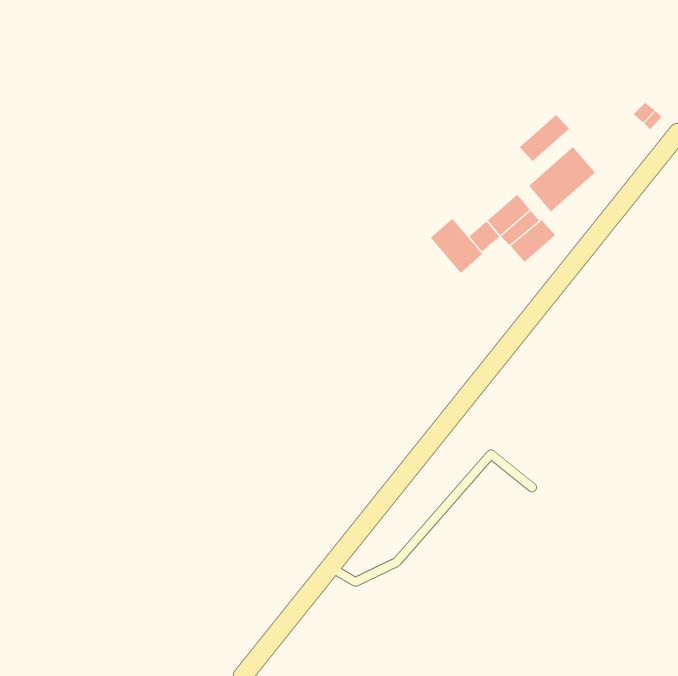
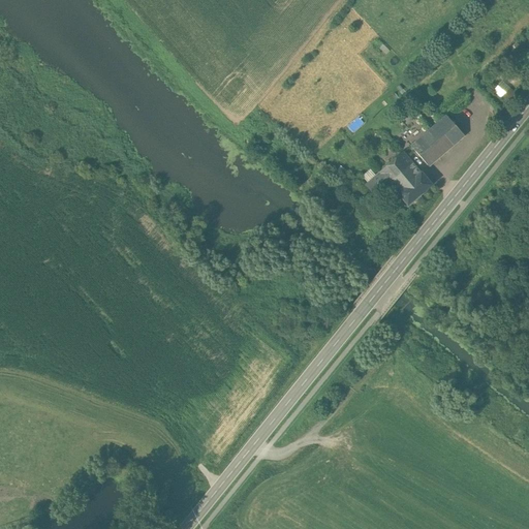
building: [519,114,570,162] -> none
building: [430,218,483,274] -> none

